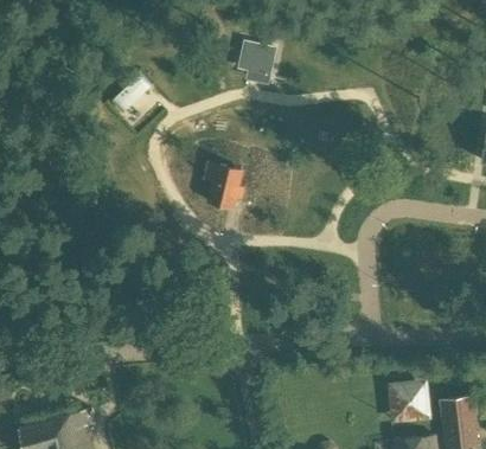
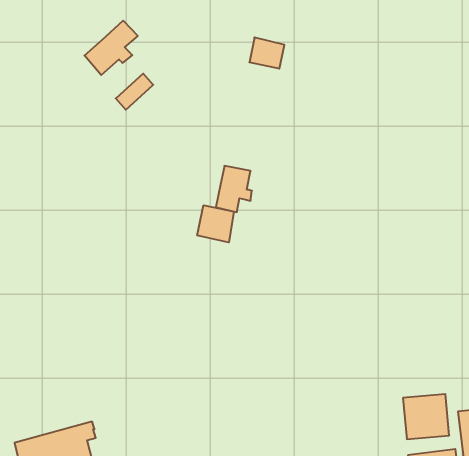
building: none -> [84,21,138,75]
building: none -> [197,205,234,242]

